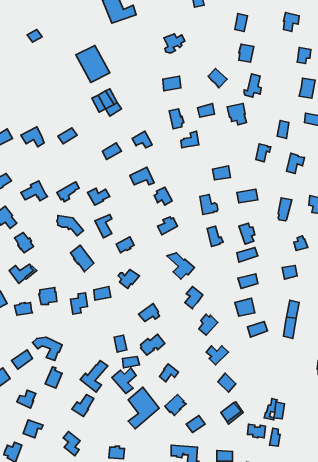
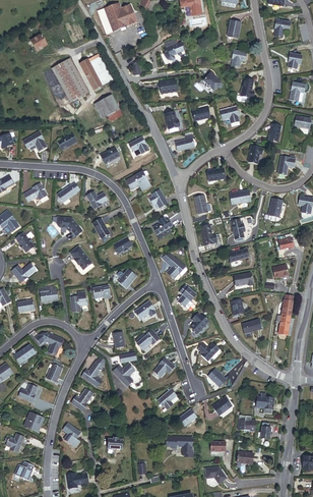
building: none -> [48,56,82,99]
building: [128,387,159,429] -> none

